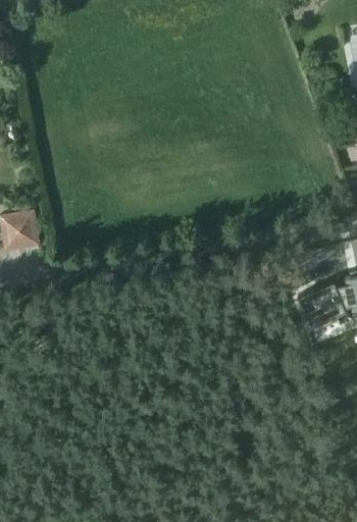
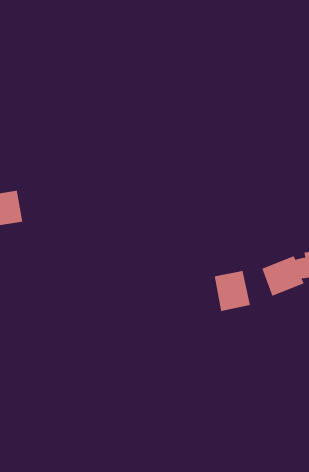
building: none -> [214,270,250,312]

